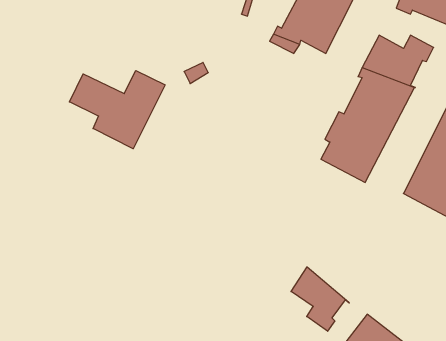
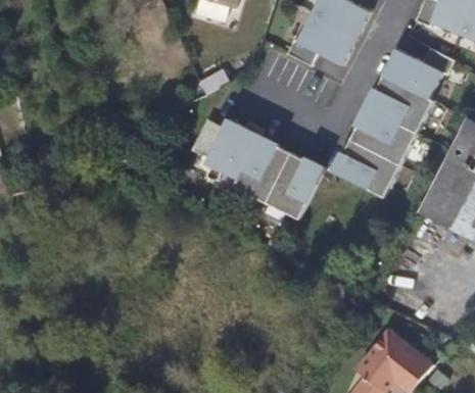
building: [69,71,165,149] -> none
building: none -> [192,117,321,218]
building: [291,267,349,331] -> none

